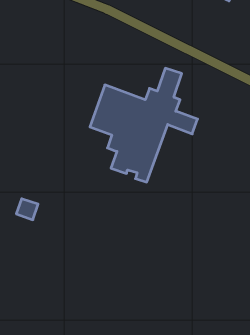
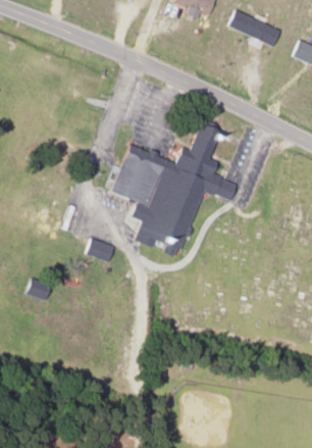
building: none -> [86,238,114,261]

